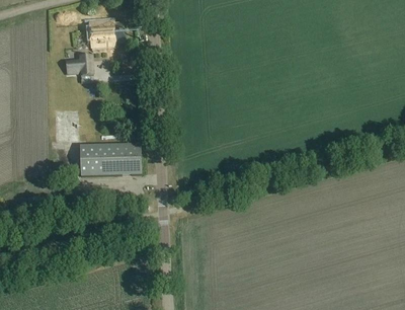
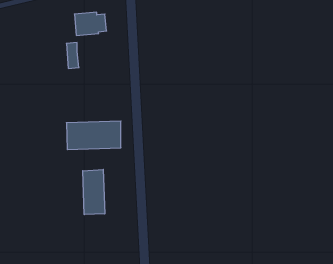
building: none -> [83,169,105,215]

